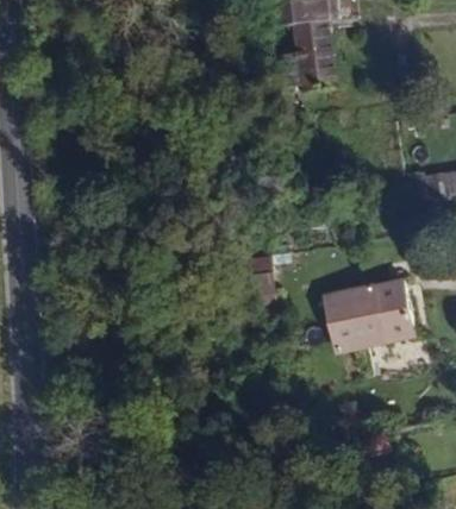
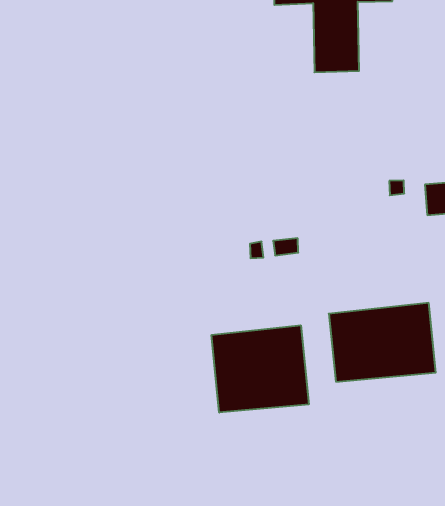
building: none -> [212,325,309,413]

